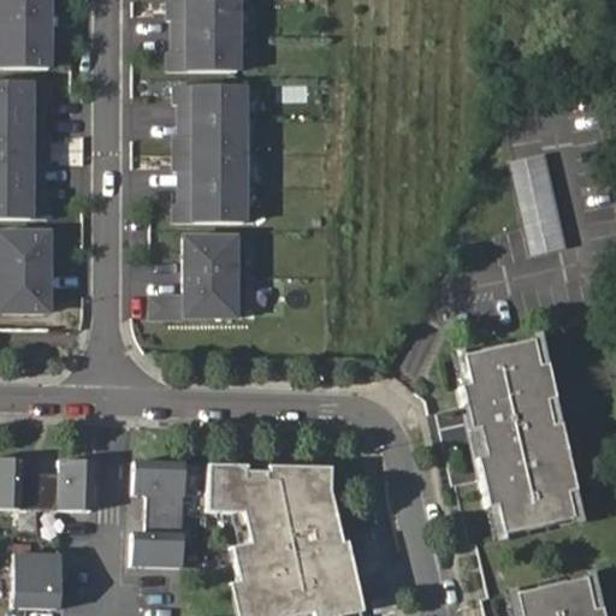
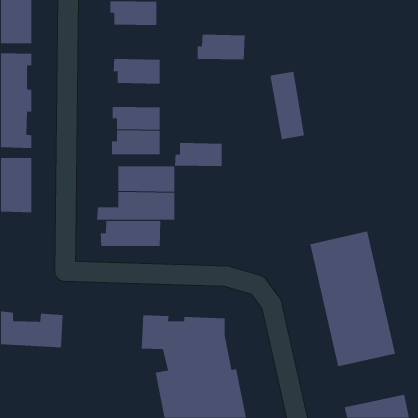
building: [162,36,233,73] -> [197,34,245,60]
building: [167,122,238,156] -> [174,143,223,167]
building: [513,161,564,261] -> [270,71,305,140]
building: none -> [100,220,161,247]
building: [136,460,188,564] -> none
building: [16,549,65,604] -> none

